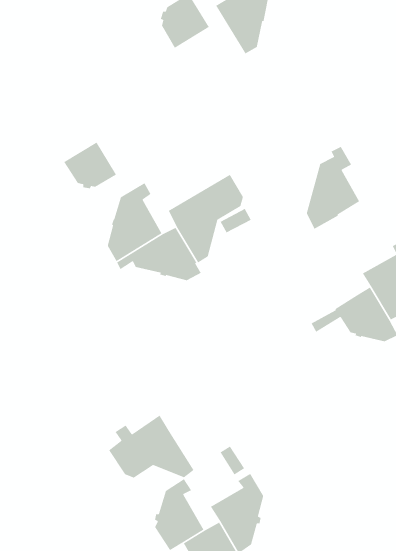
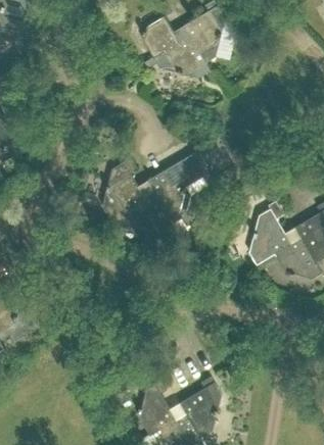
building: none -> [145,35,211,77]
building: [63,141,122,189] -> none
building: [306,146,360,230] -> [249,200,290,263]
building: [108,414,194,478] -> none

